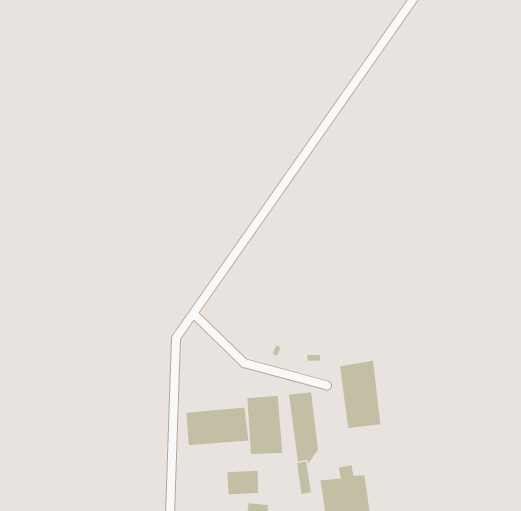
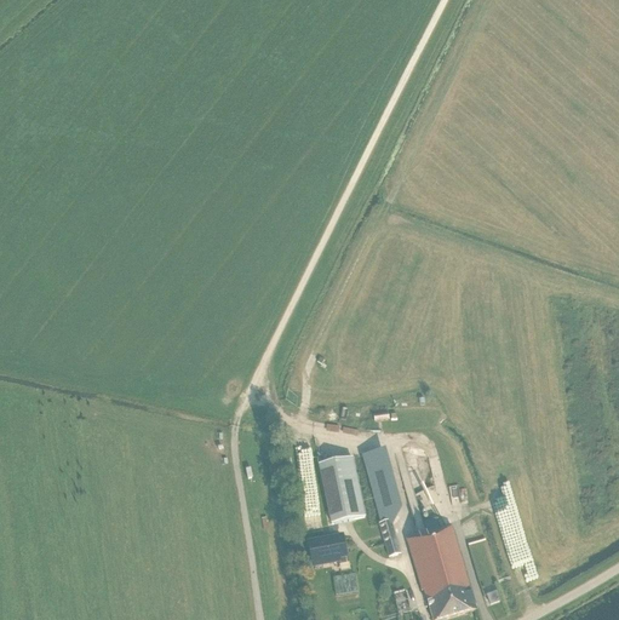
building: [339,360,381,429] -> none
building: [186,407,249,446] -> none

